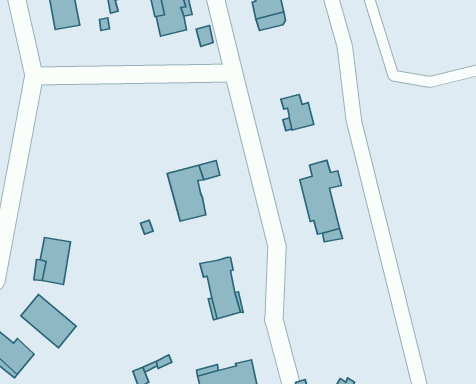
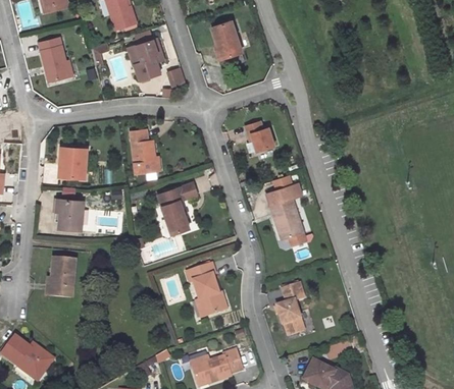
building: none -> [131,129,156,174]
building: none -> [60,147,87,178]
building: none -> [56,198,84,230]
building: none -> [276,283,304,335]
building: [21,294,76,348] -> none

